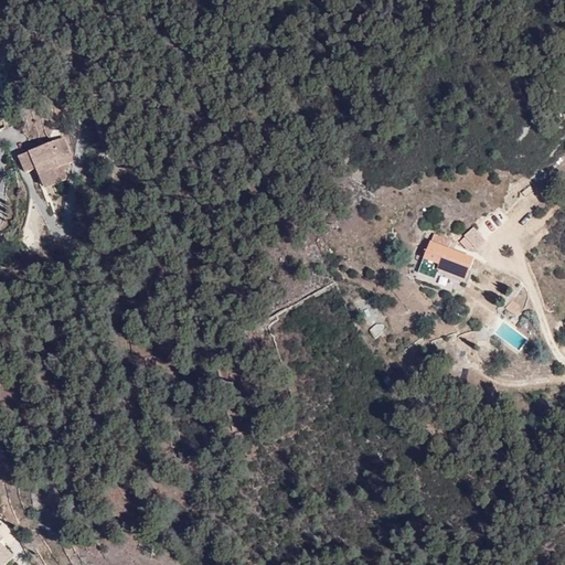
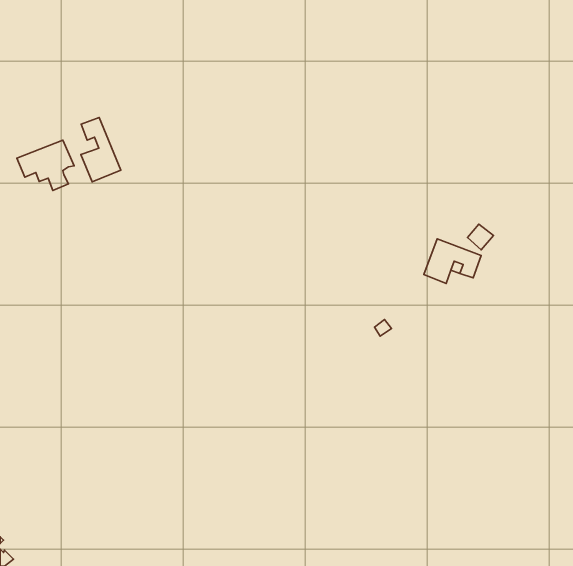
building: none -> [81,118,121,182]

